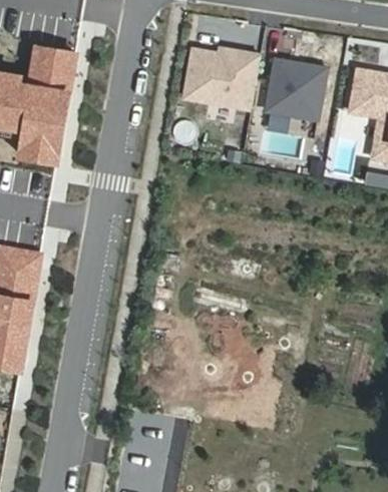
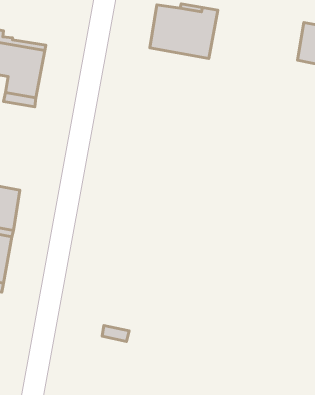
building: [30,47,74,93] -> none
building: [265,58,326,119] -> none

